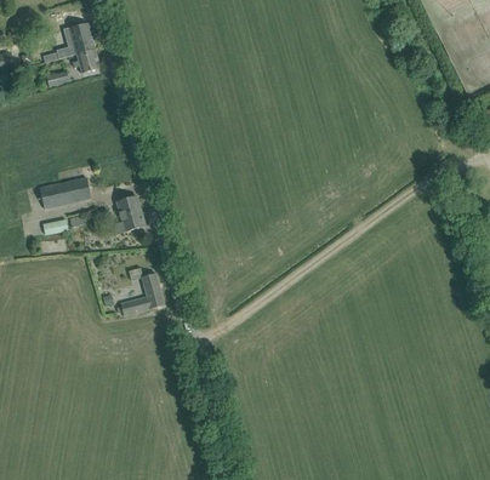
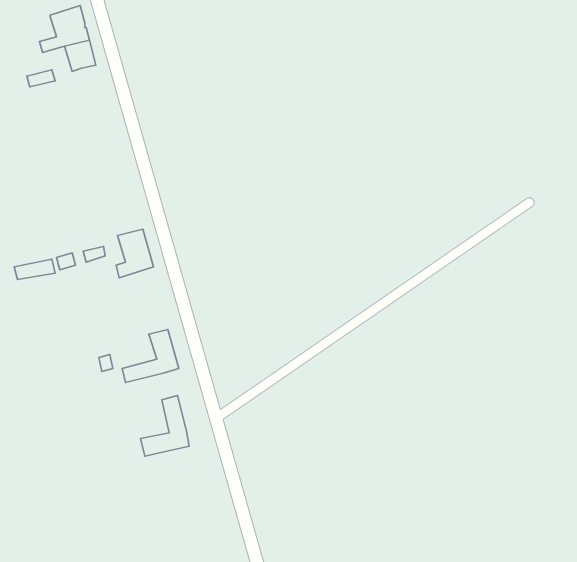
building: [40,177,91,207] -> none
building: none -> [140,396,189,456]

